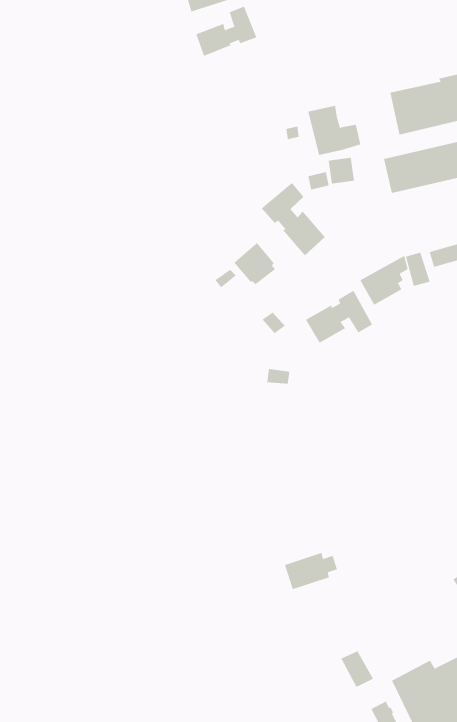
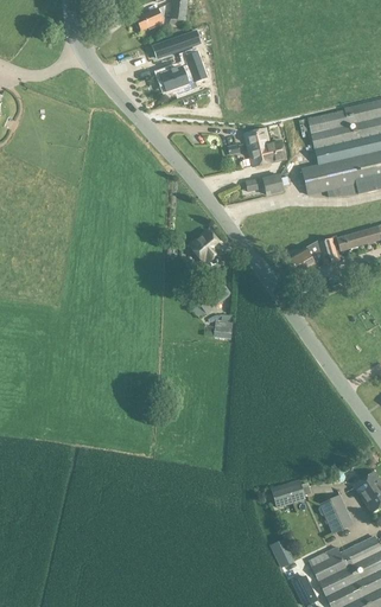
building: [261,182,326,256] -> none
building: [305,290,373,343] -> none
building: [284,552,338,590] -> [271,480,311,509]
building: none -> [319,494,351,532]

